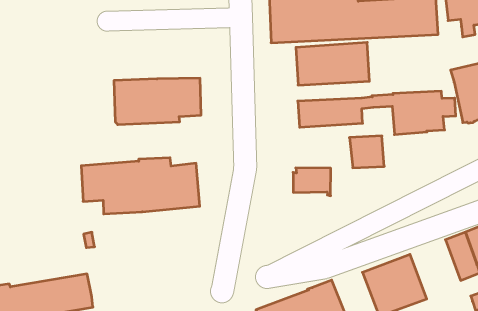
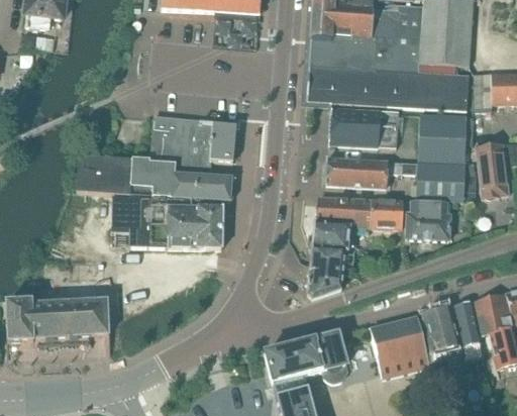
building: none -> [418,113,467,164]
building: none -> [77,154,231,199]
building: none -> [406,200,450,239]
building: none -> [317,195,372,227]
building: none -> [308,244,344,296]
building: none -> [420,305,461,356]

